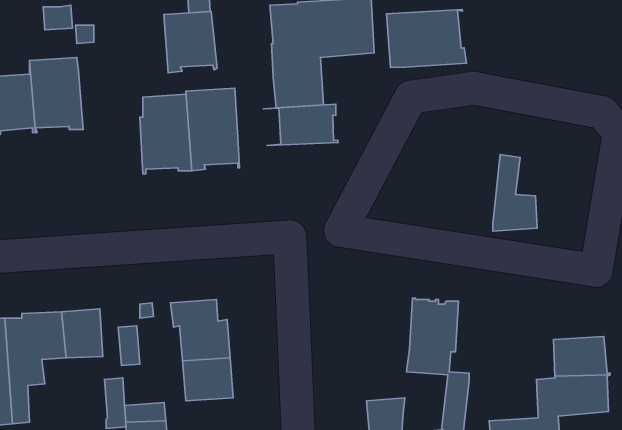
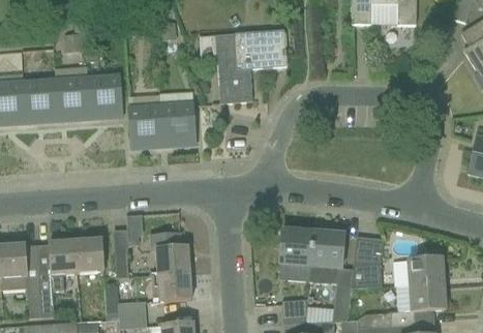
building: [386,10,466,67] -> none
building: [164,11,217,73] -> [87,77,123,118]
building: [264,104,338,146] -> none
building: [493,154,537,231] -> [351,236,381,287]
building: none -> [279,230,312,266]

